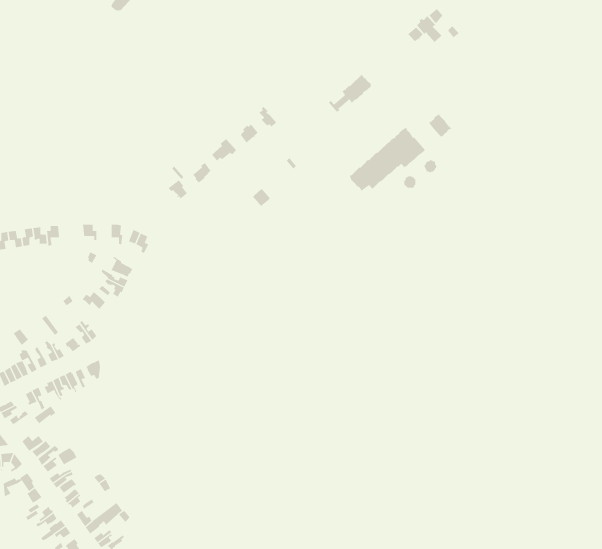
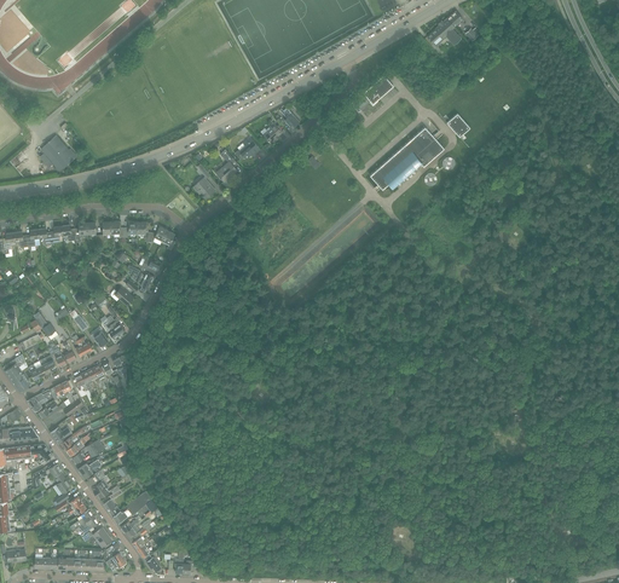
building: none -> [40,135,76,172]

